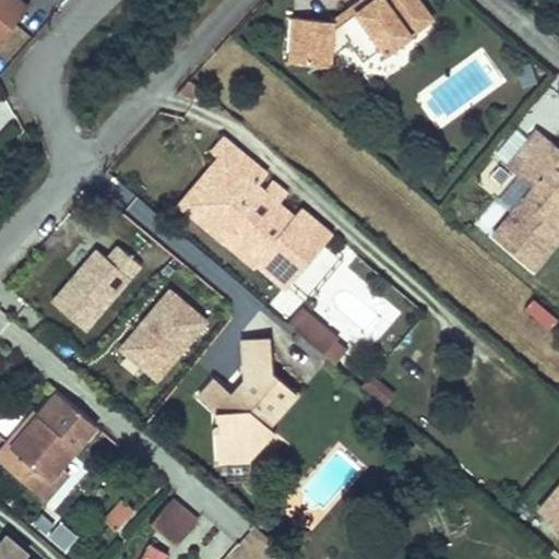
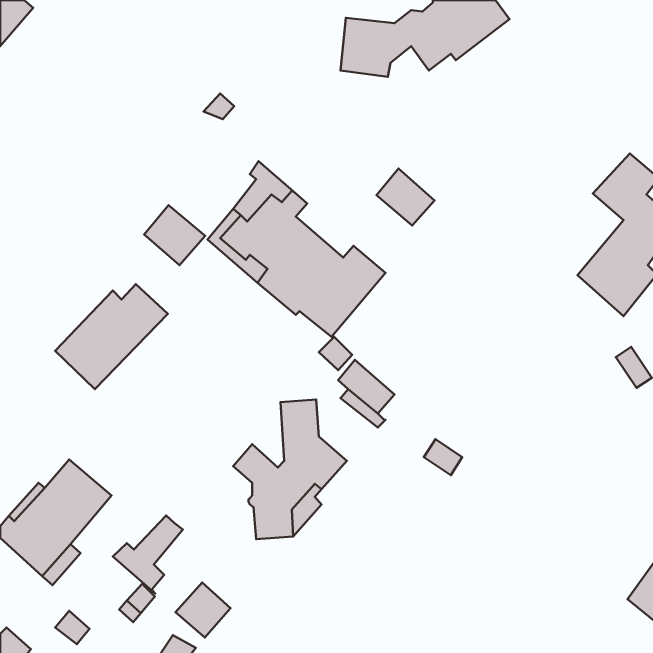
building: none -> [377,169,434,226]
building: none -> [144,205,205,265]
building: [115,286,210,383] -> none
building: none -> [113,516,183,594]

